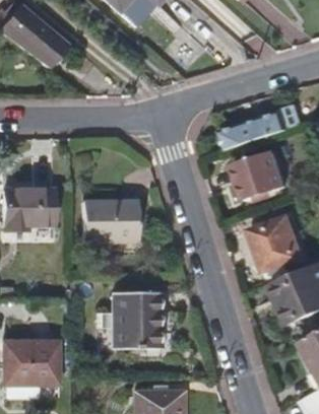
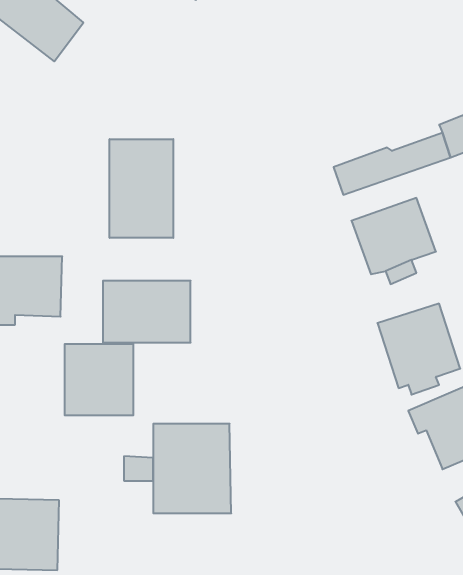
building: none -> [110,139,173,238]
building: none -> [65,344,133,415]

